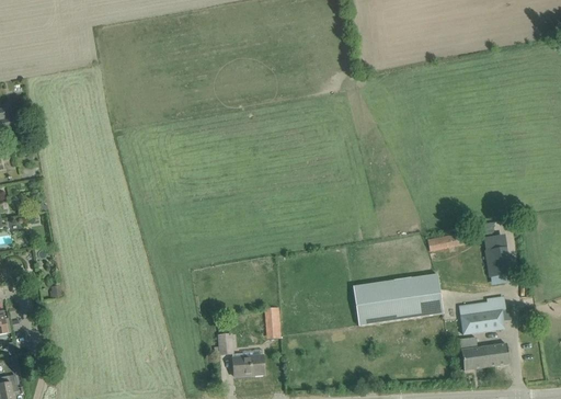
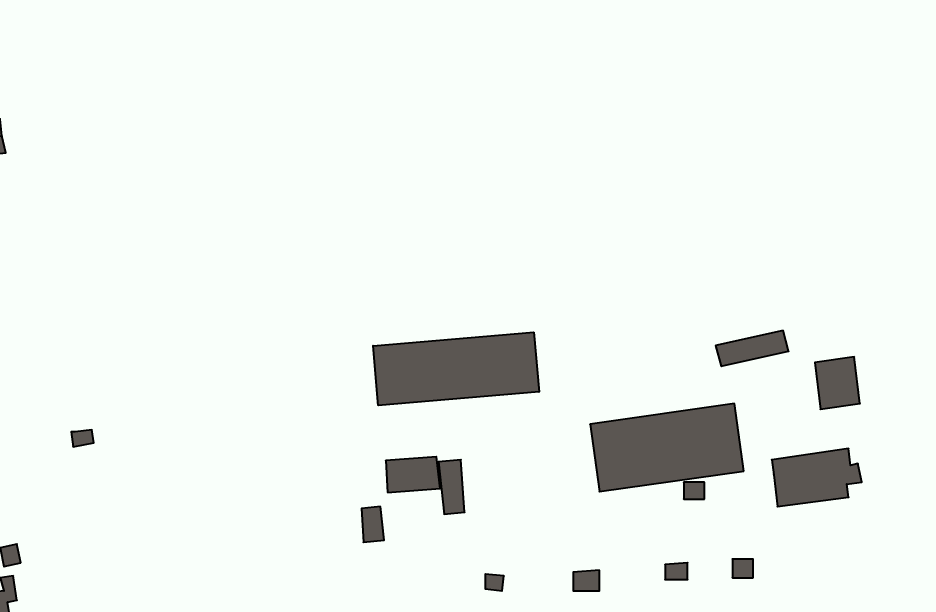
building: none -> [373,332,539,405]
building: [459,337,510,369] -> none
building: [232,354,264,375] -> [386,457,440,492]

